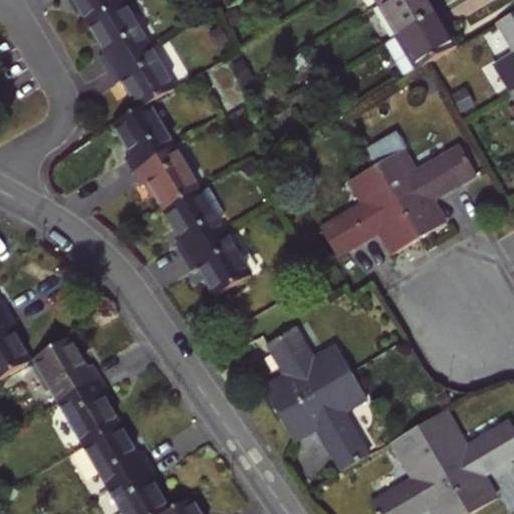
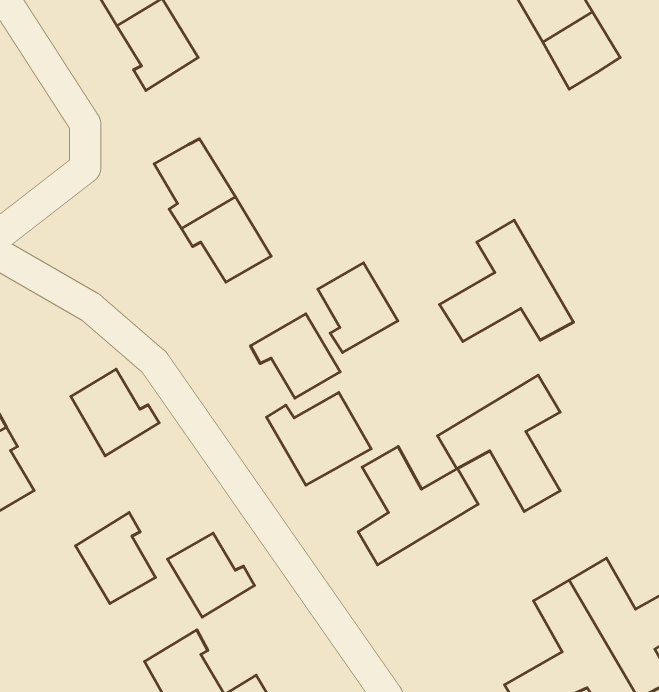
building: [109,45,175,108] -> none
building: [368,134,477,238] -> none
building: [168,190,226,255] -> [318,263,398,352]
building: none -> [266,393,371,485]
building: [33,337,97,401] -> [71,369,159,456]
building: [278,370,367,470] -> [437,375,560,512]
building: [83,424,147,485] -> [168,533,254,617]

